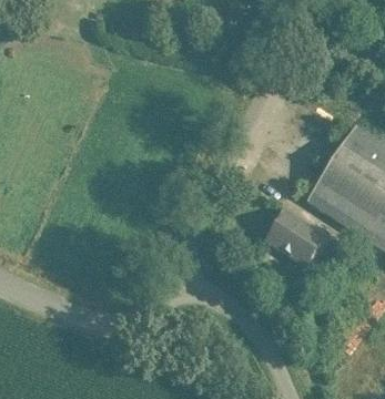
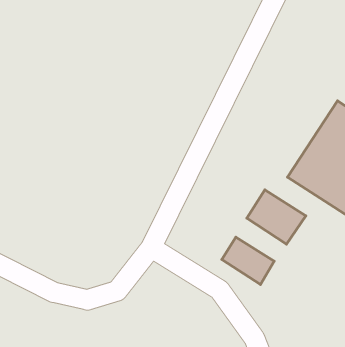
building: none -> [222,237,274,284]

